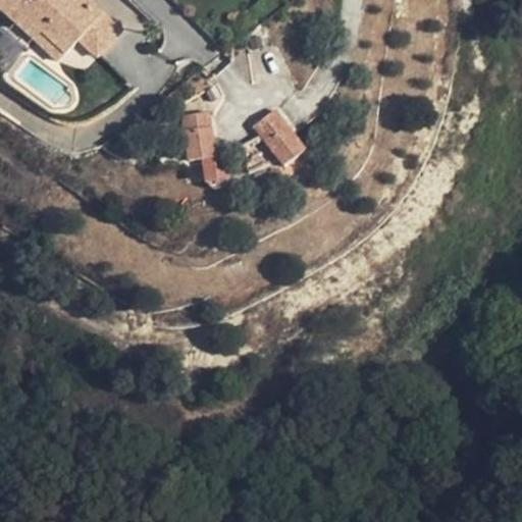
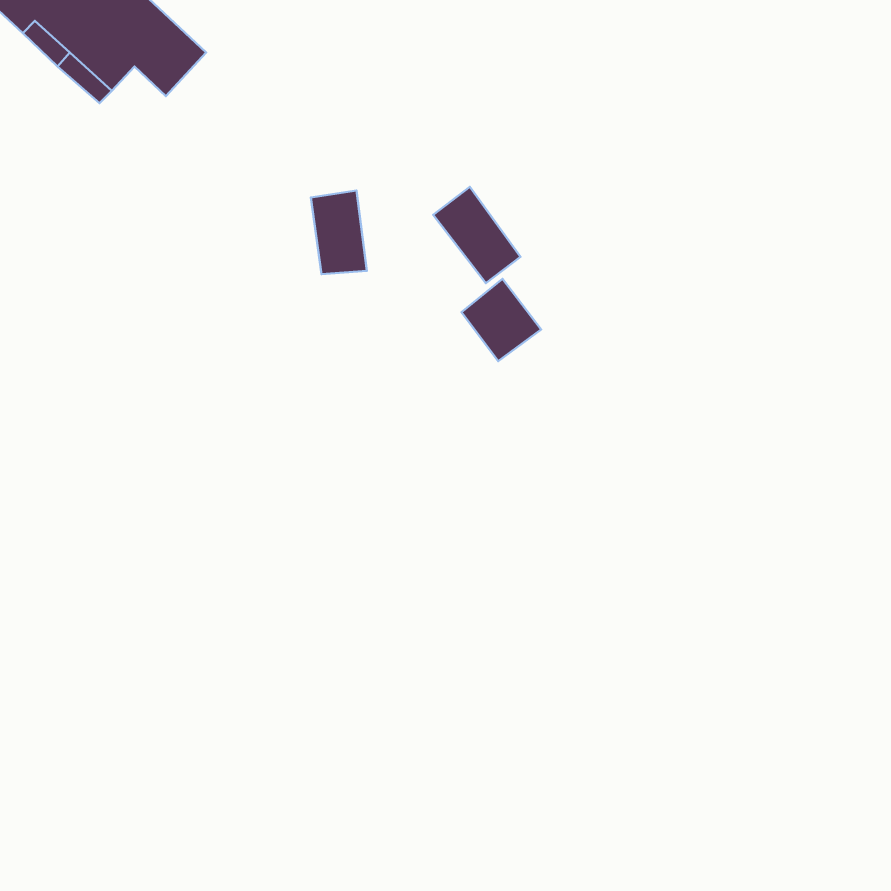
building: none -> [462,279,541,361]

